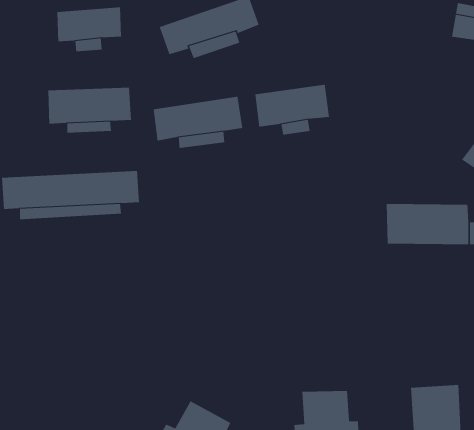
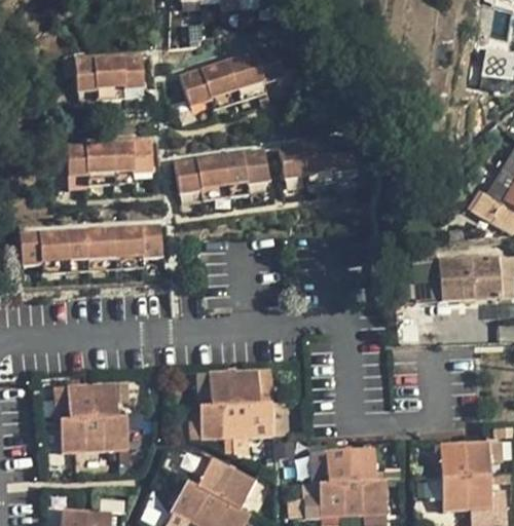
building: none -> [200,371,272,440]
building: none -> [60,384,128,453]

